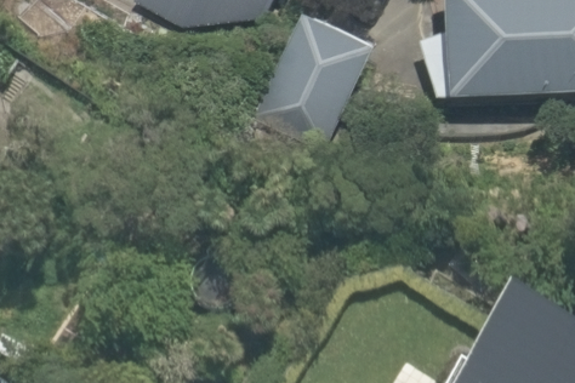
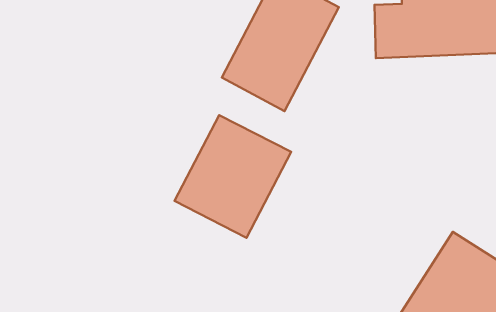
building: none -> [174,115,291,238]

